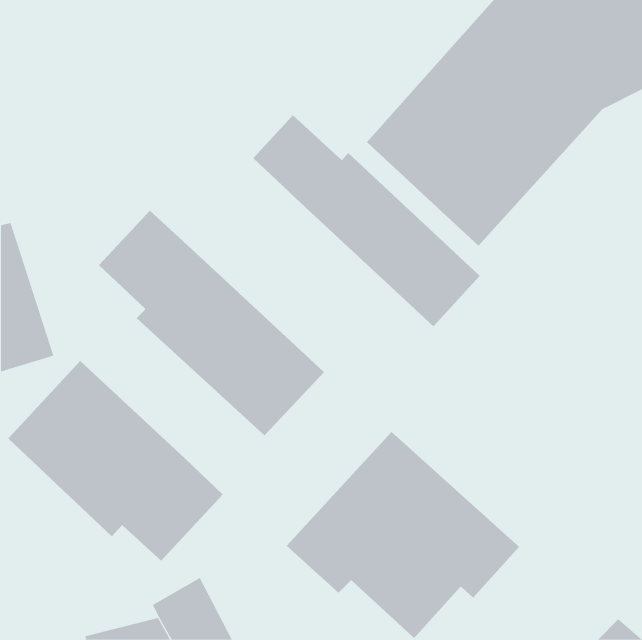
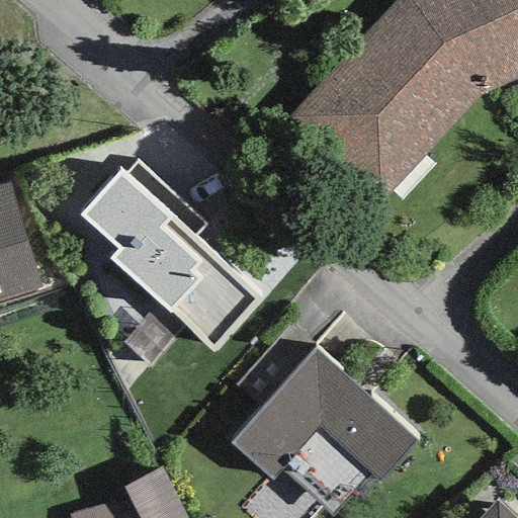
building: [252,115,480,327] -> none
building: [8,360,224,561] -> none

